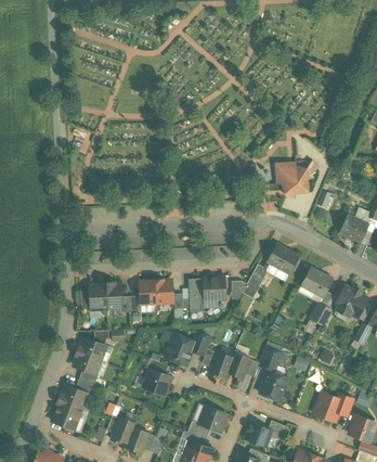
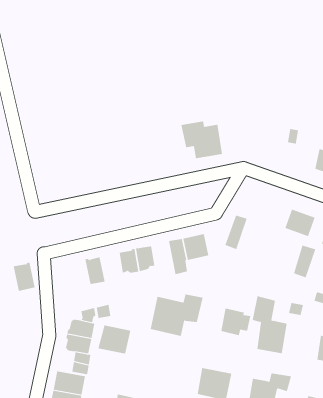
building: [276,154,312,189] -> [181,121,223,159]
building: [268,243,300,273] -> none
building: [90,282,108,308] -> [13,262,36,291]
building: [204,348,231,377] -> none
building: [139,365,173,397] -> [98,325,131,354]

